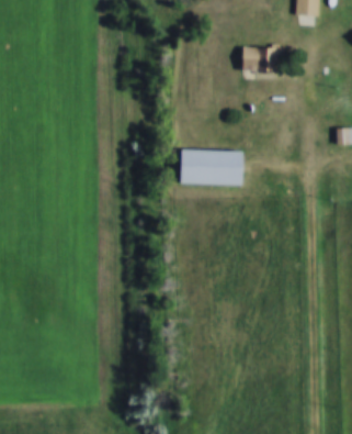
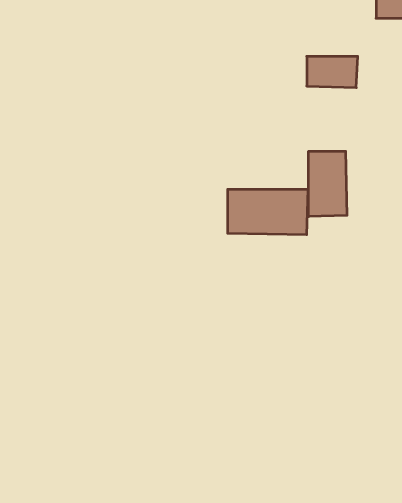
building: none -> [309,151,347,217]

